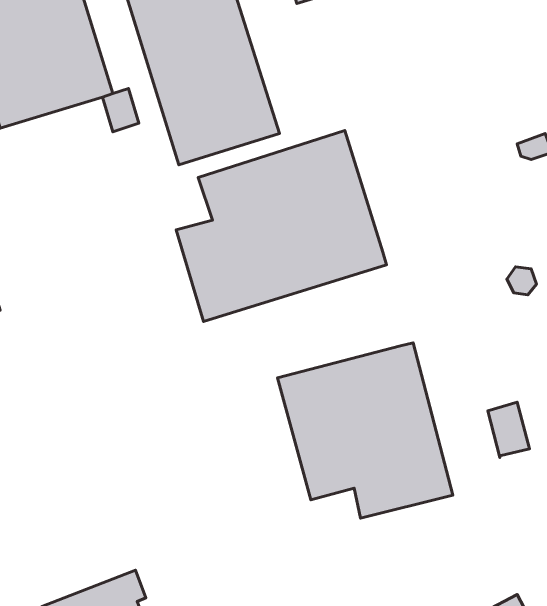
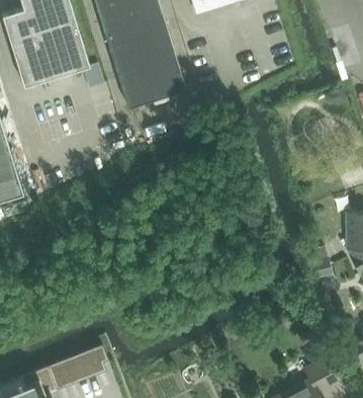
building: [176,130,387,321] -> none
building: [278,343,453,518] -> none

